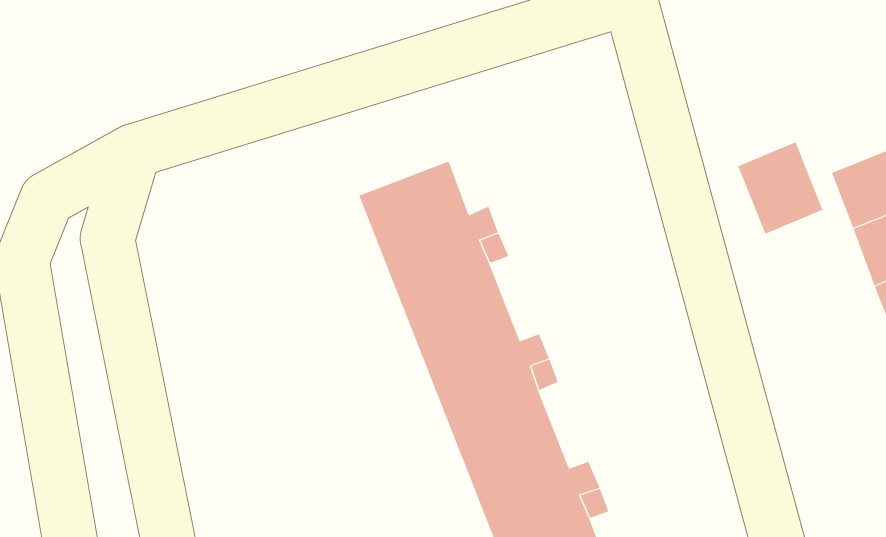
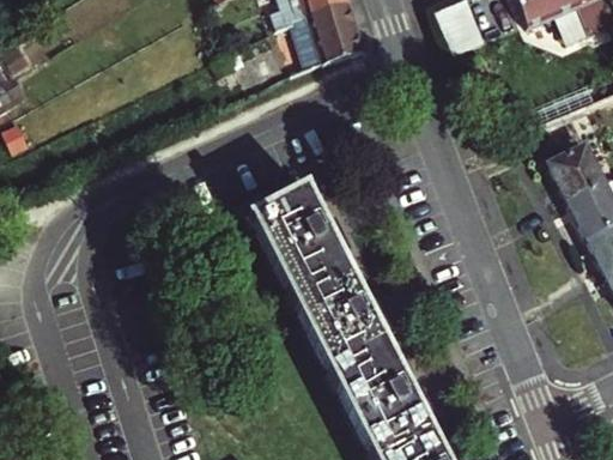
building: [738,141,823,234] -> none

